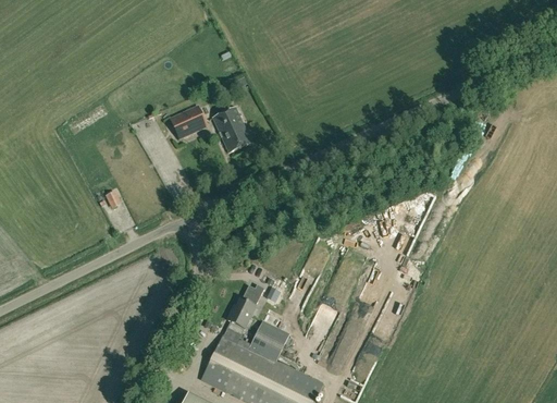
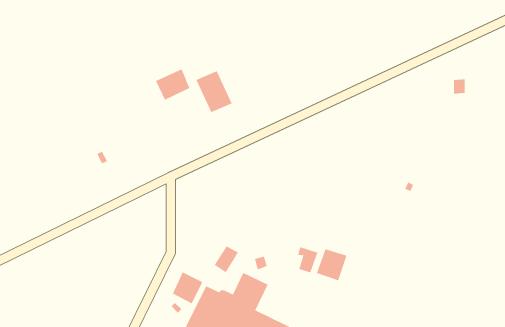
building: none -> [316,248,347,281]
building: none -> [172,272,203,304]

